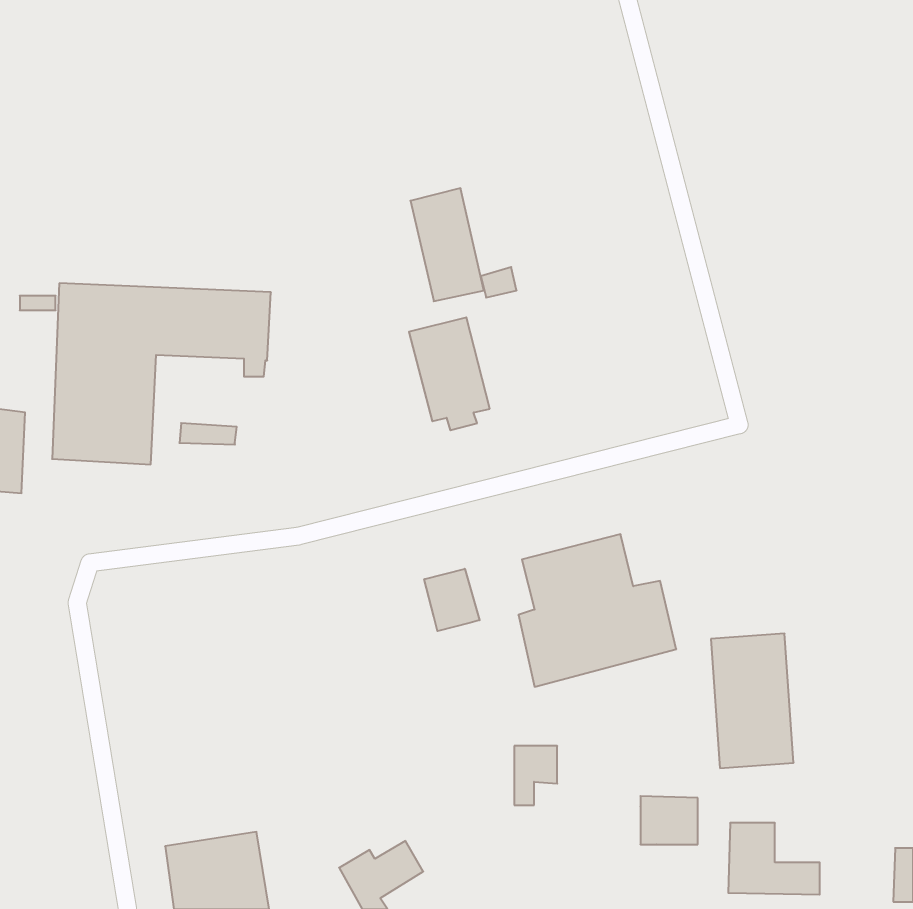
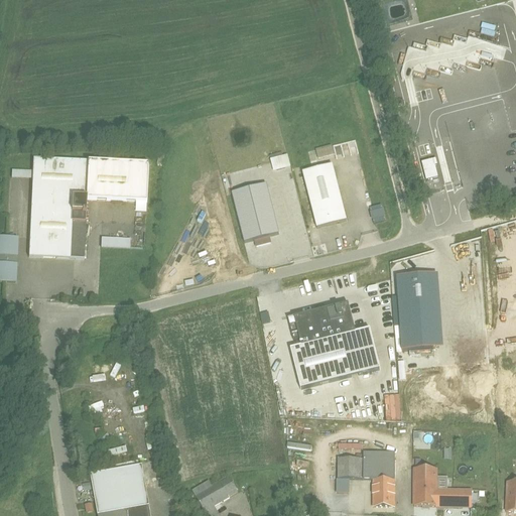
building: [410,188,484,301] -> [301,159,343,223]
building: [424,569,480,631] -> none
building: [711,634,794,768] -> [397,271,443,347]
building: [514,746,557,805] -> [336,454,360,487]
building: none -> [369,475,392,503]

